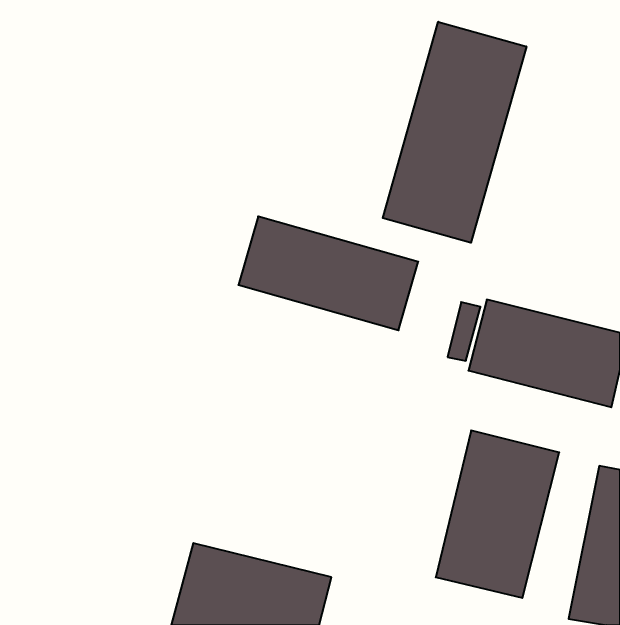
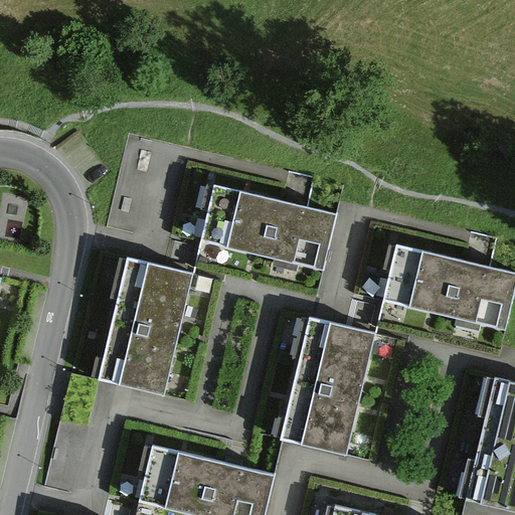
building: [383,22,526,243] -> none
building: none -> [101,260,190,390]
building: [436,430,559,598] -> [274,318,375,456]

